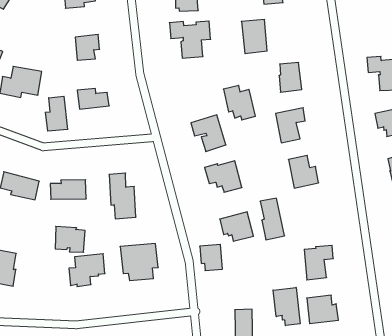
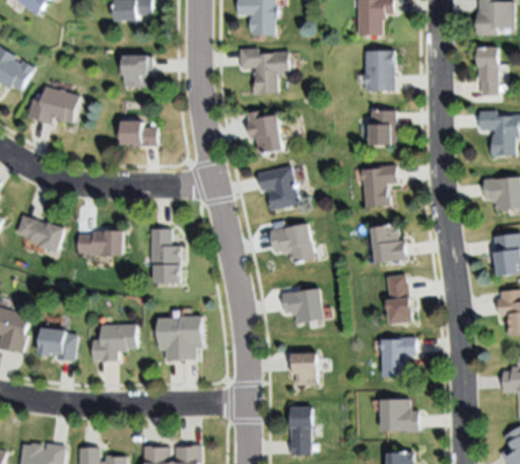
building: none -> [476,48,498,94]
building: [241,20,267,54] -> [365,51,393,90]
building: [223,85,255,120] -> [246,110,282,152]
building: [45,96,68,131] -> none
building: [260,198,285,240] -> [386,275,412,325]
building: [55,226,85,252] -> [38,327,76,361]
building: [200,244,222,271] -> [290,353,316,384]
building: [273,287,300,326] -> none

